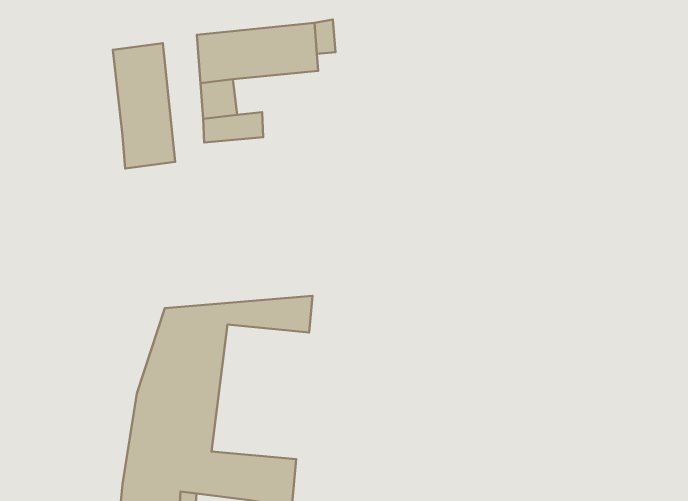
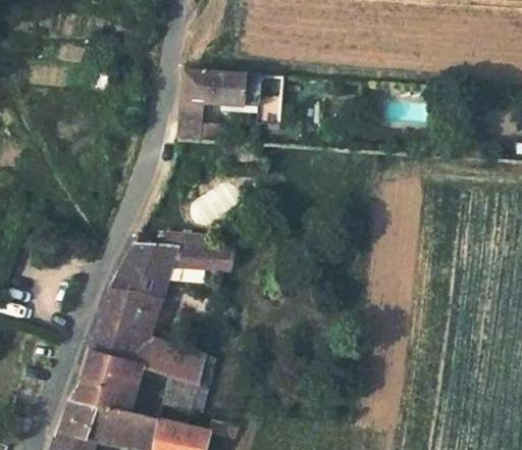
building: [113,43,175,168] -> none

